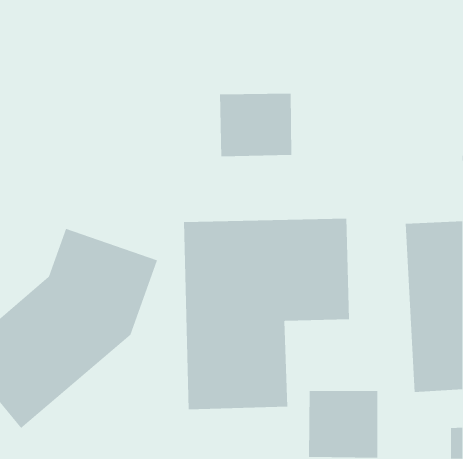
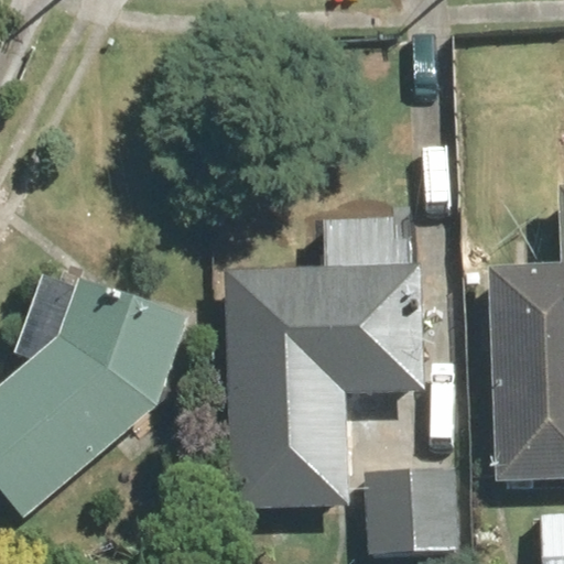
building: [219,93,292,157] -> none

